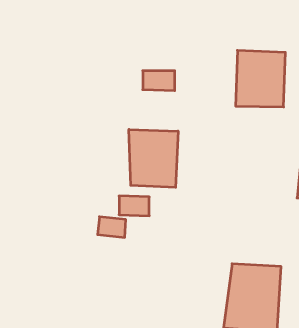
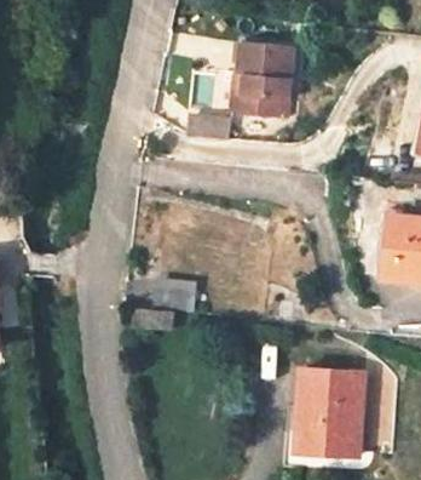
building: [236,50,285,107] -> [231,46,295,119]
building: [129,129,178,187] -> none

